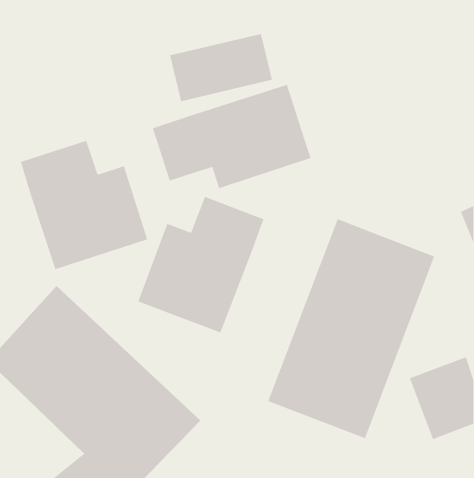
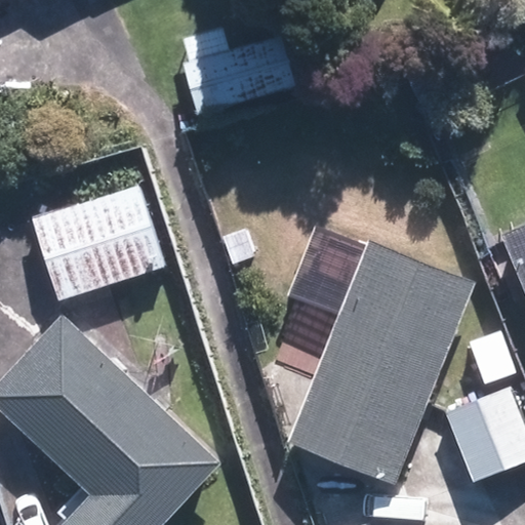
building: [152,84,312,189] -> none
building: [137,196,265,334] -> none

